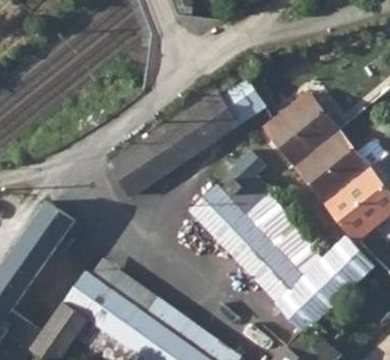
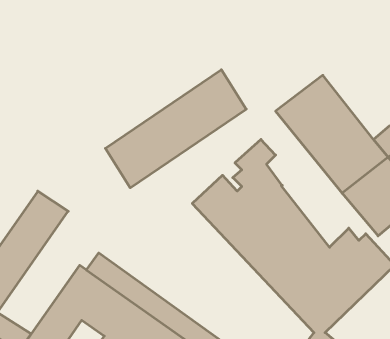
building: [220,79,266,124] -> none

